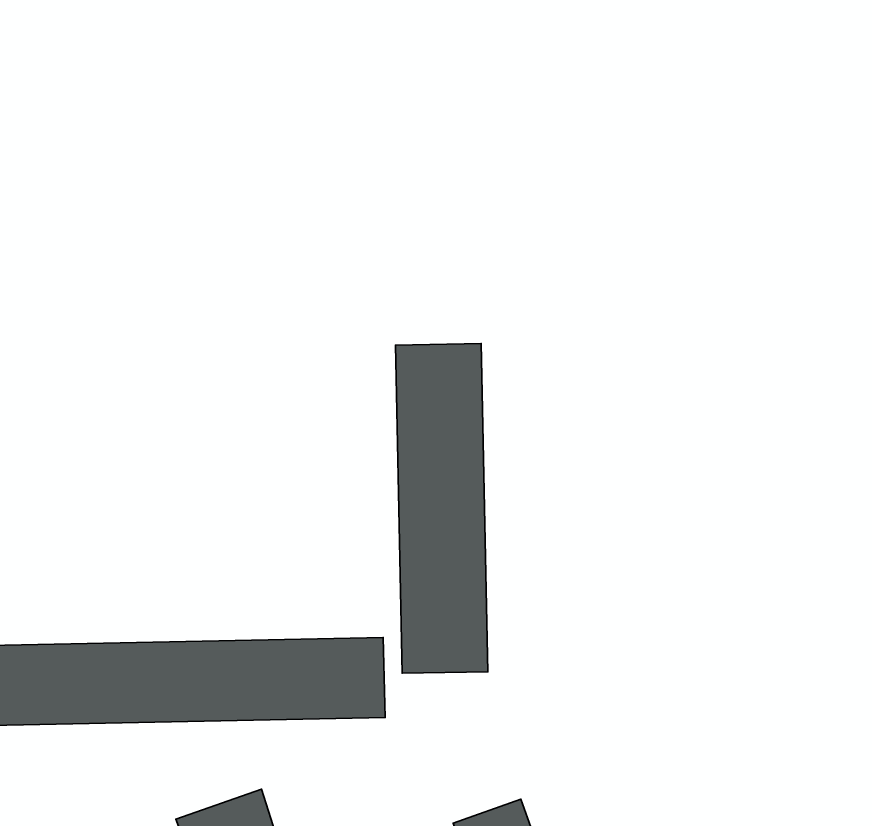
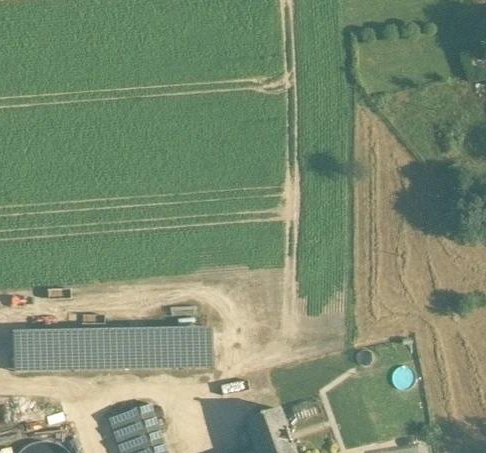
building: [396,344,488,673] -> none

